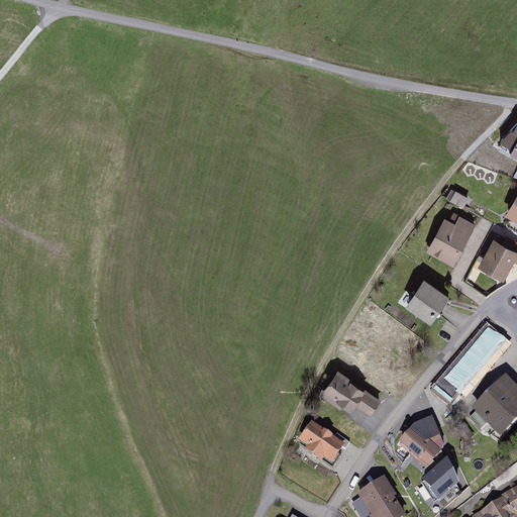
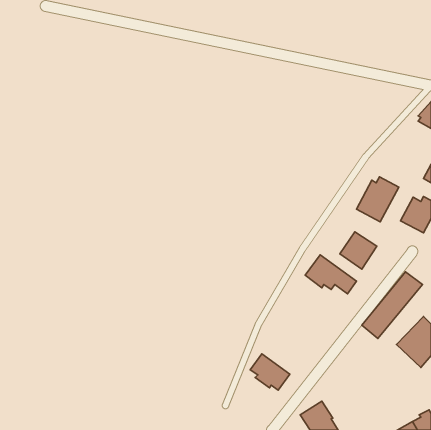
building: [321,369,383,415] -> [305,255,357,294]
building: [399,418,444,468] -> none
building: [420,459,458,504] -> none

